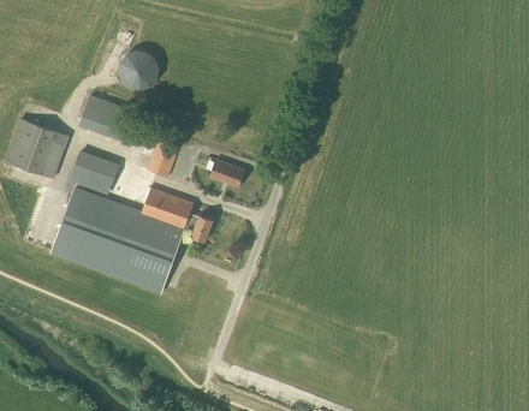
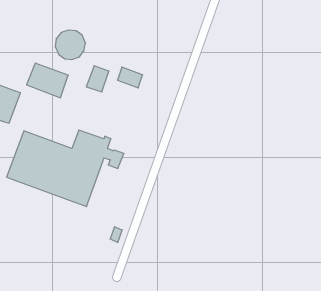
building: [147,141,178,177] -> [86,66,109,92]
building: [69,150,119,195] -> none
building: [209,159,244,187] -> [117,67,143,88]

